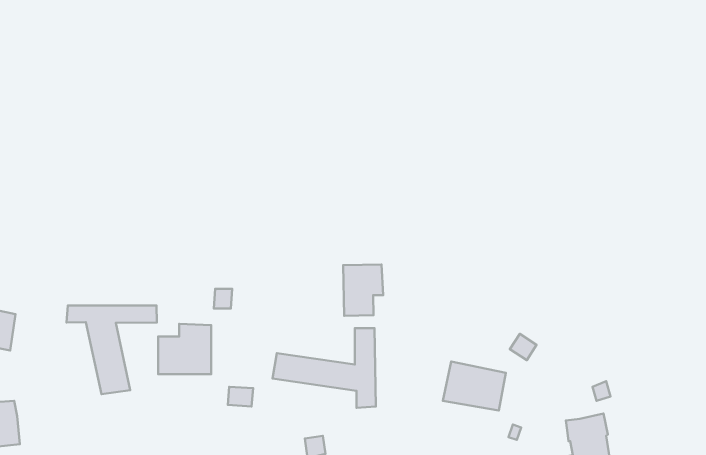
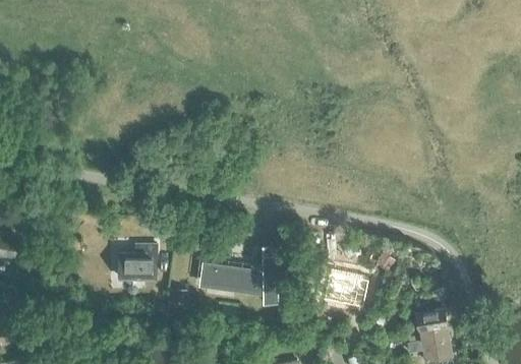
building: [343,265,383,316] -> none
building: [67,305,157,394] -> none

